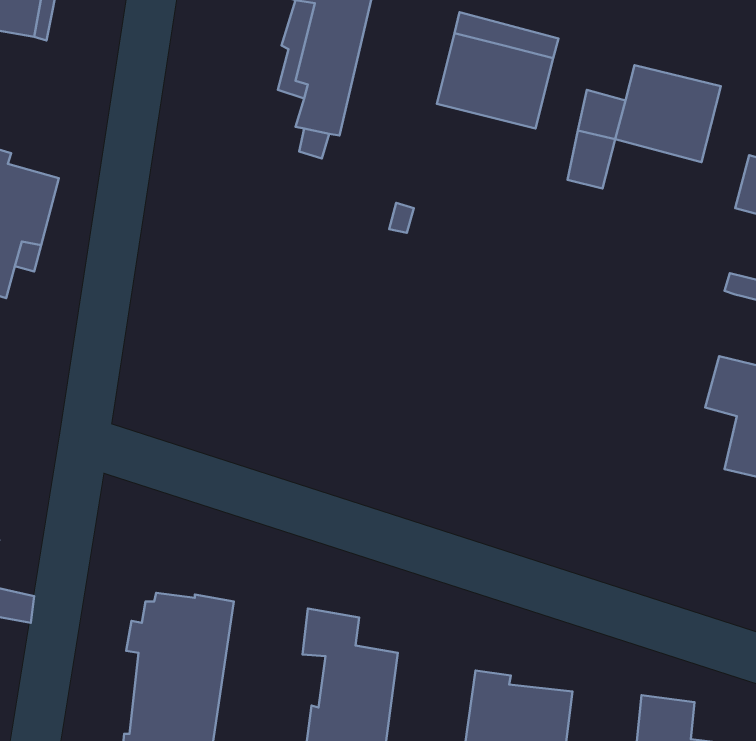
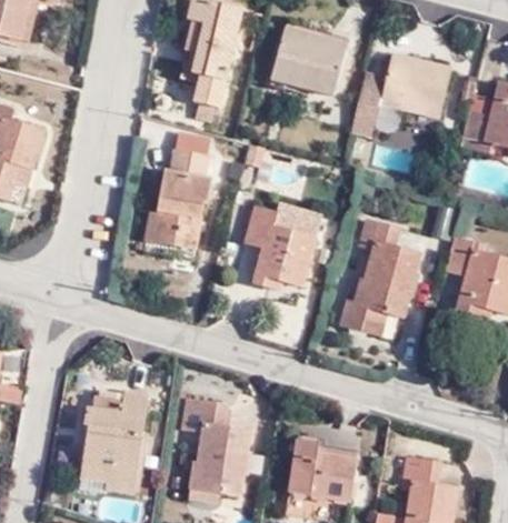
building: none -> [149,148,207,243]
building: none -> [247,205,318,285]
building: none -> [345,218,422,338]

